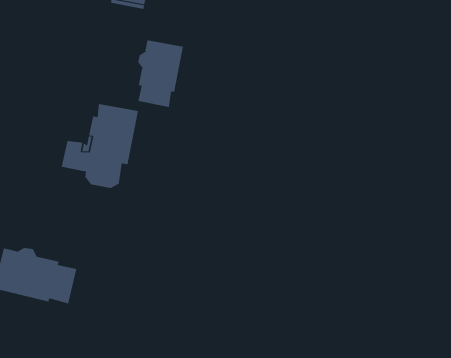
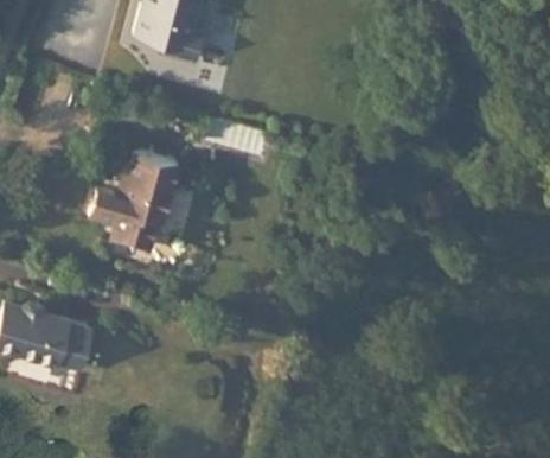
building: [137,39,184,108] -> none

